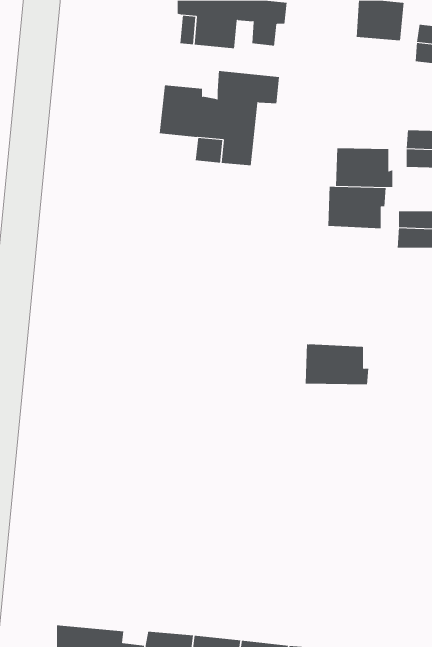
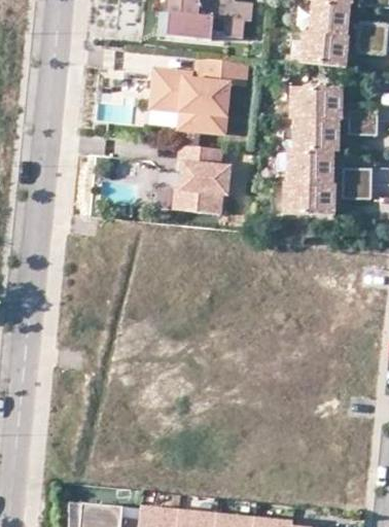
building: none -> [300,29,347,65]
building: none -> [291,85,343,119]
building: none -> [176,144,232,213]
building: [305,344,369,385] -> [284,181,335,214]

